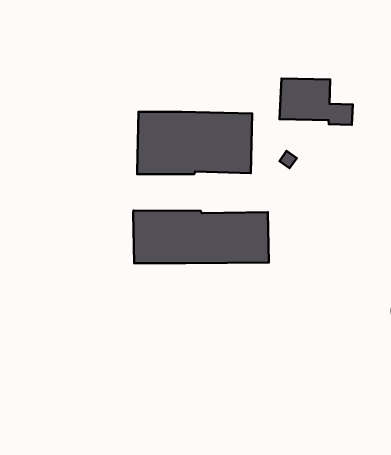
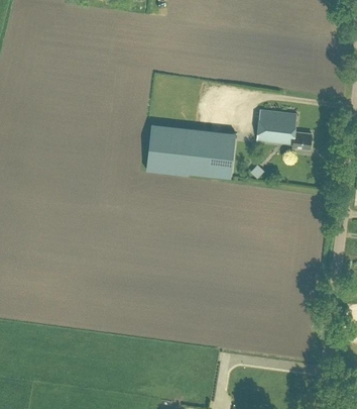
building: [133,211,269,263] -> none

